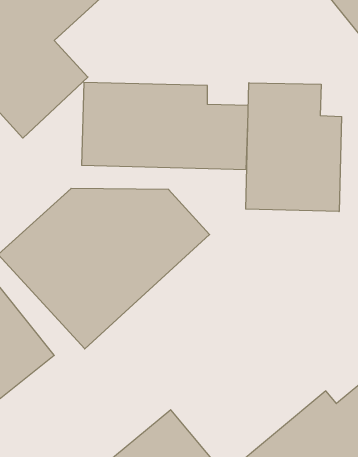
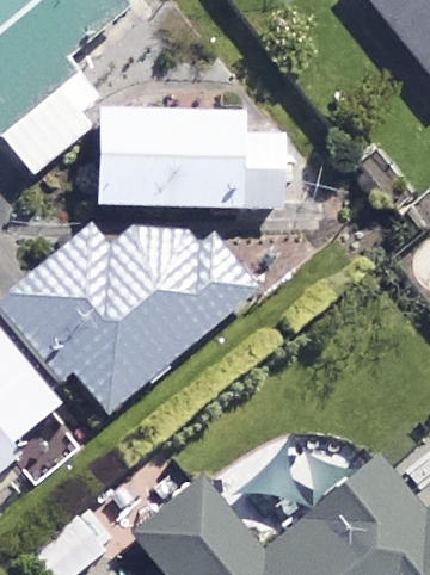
building: [246,83,342,212] -> none

